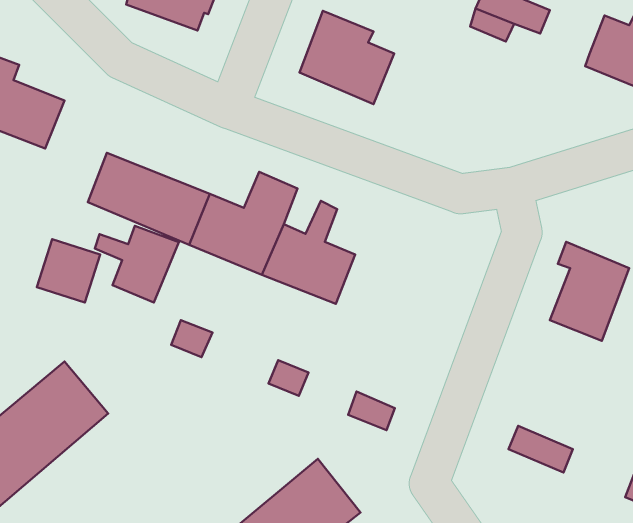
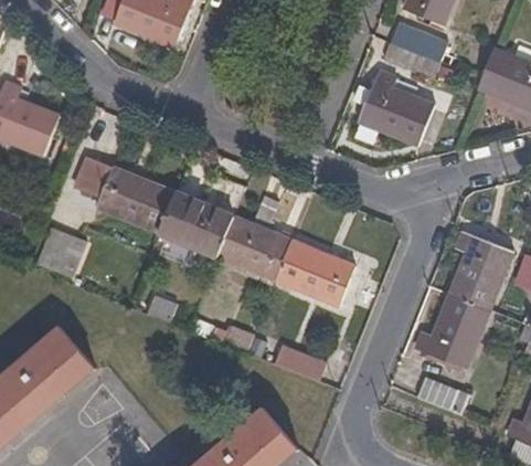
building: [300,11,394,104] -> [359,70,435,145]
building: [95,226,179,302] -> none
building: none -> [276,240,355,306]
building: none -> [414,293,490,370]

